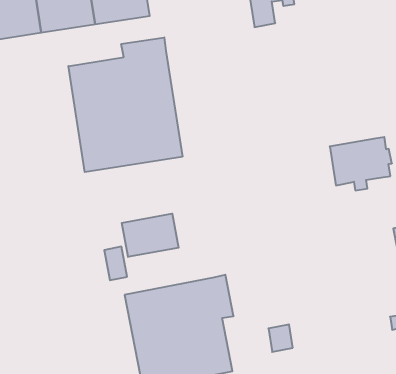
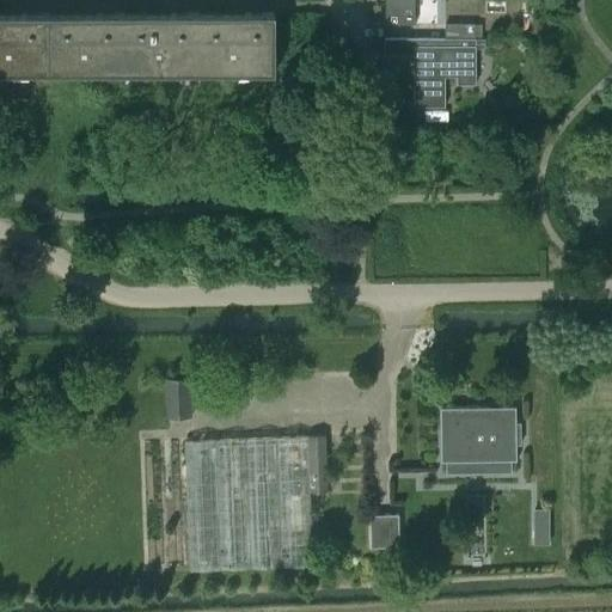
building: [68,37,182,172] -> none
building: [330,137,392,190] -> [441,410,521,476]
building: [122,214,179,257] -> none

